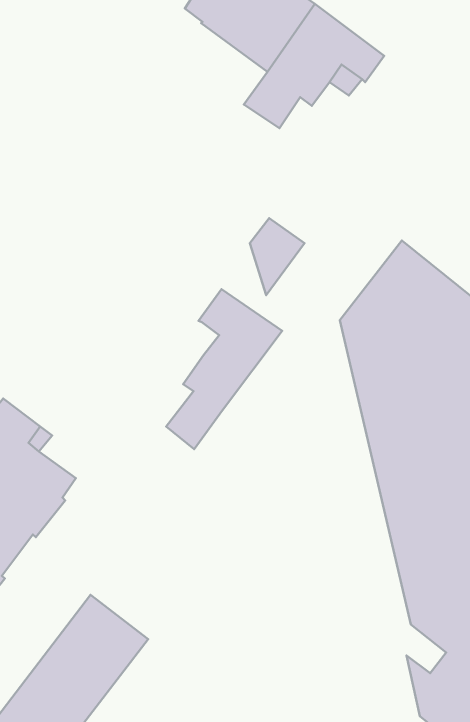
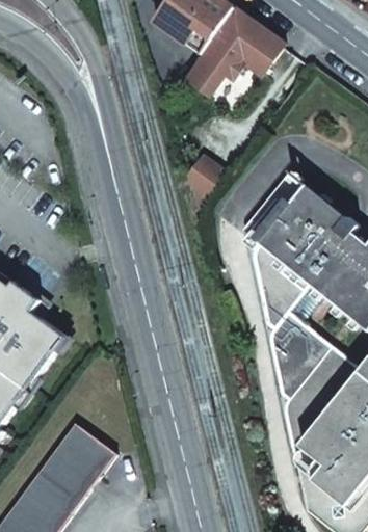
building: [166,289,282,449] -> none

